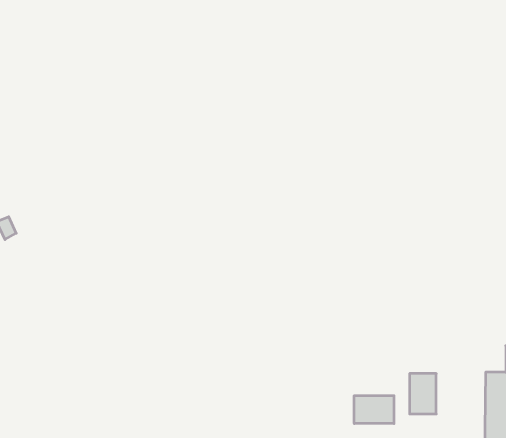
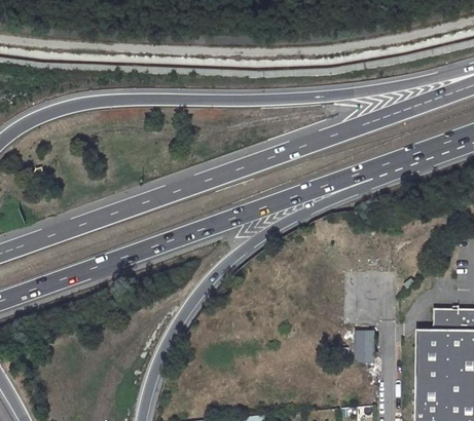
building: [354,396,394,424] -> none

